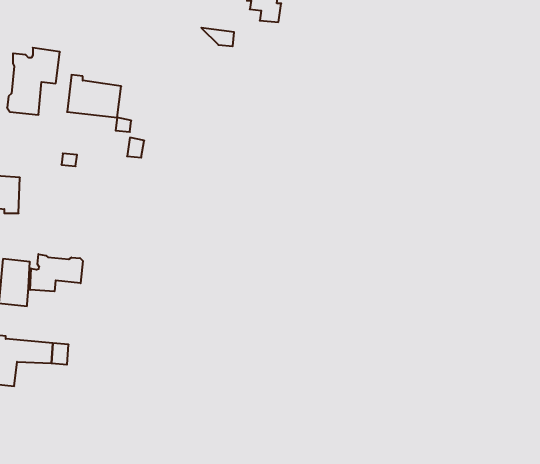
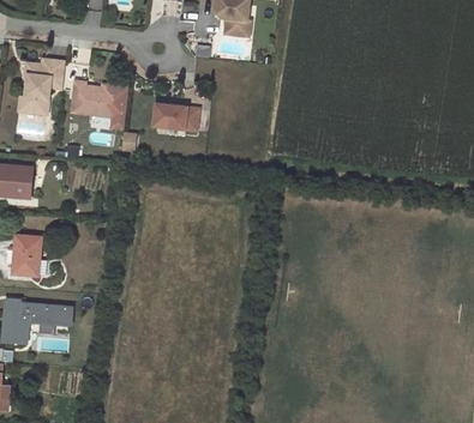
building: none -> [154,104,199,131]
building: [30,254,83,291] -> none

